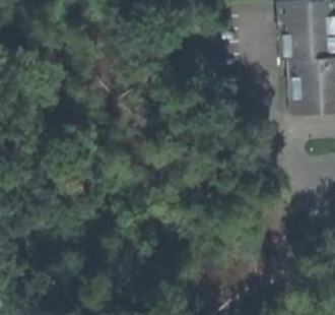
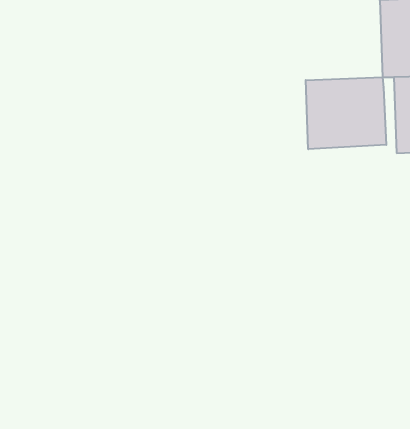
building: none -> [306,77,386,149]

